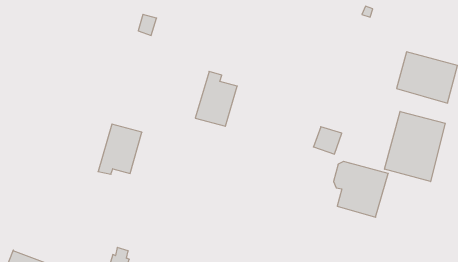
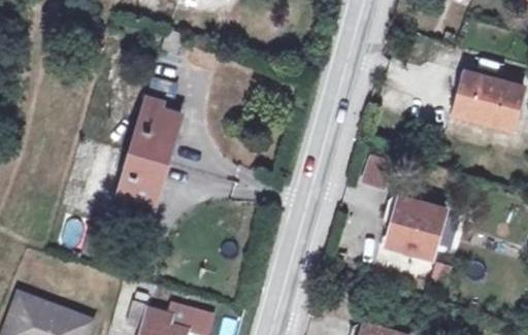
building: [195,71,237,126] -> [133,100,180,162]
building: [385,111,445,182] -> none

